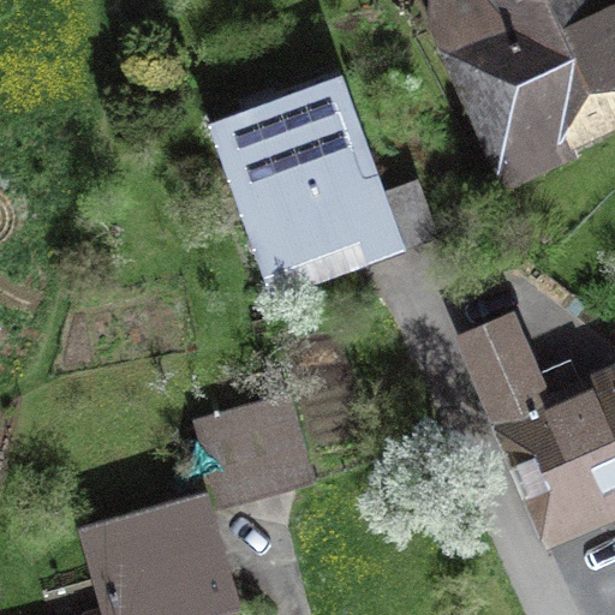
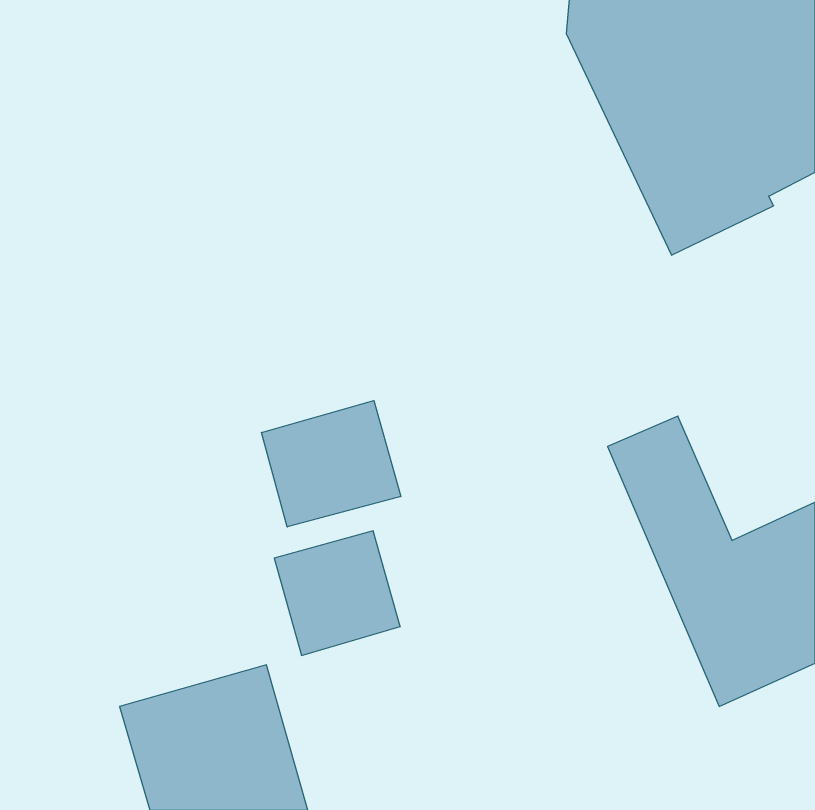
building: [213,76,437,293] -> none
building: none -> [261,401,401,527]

